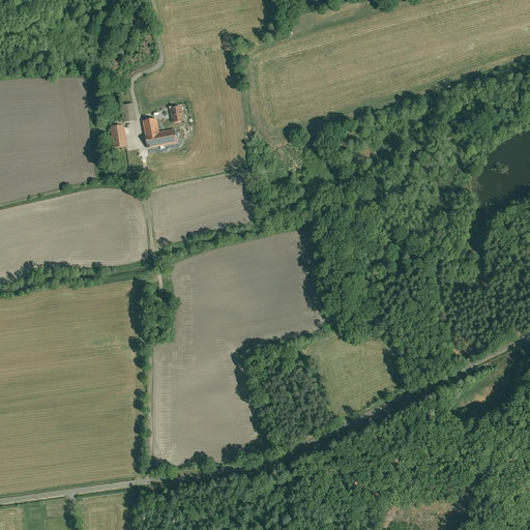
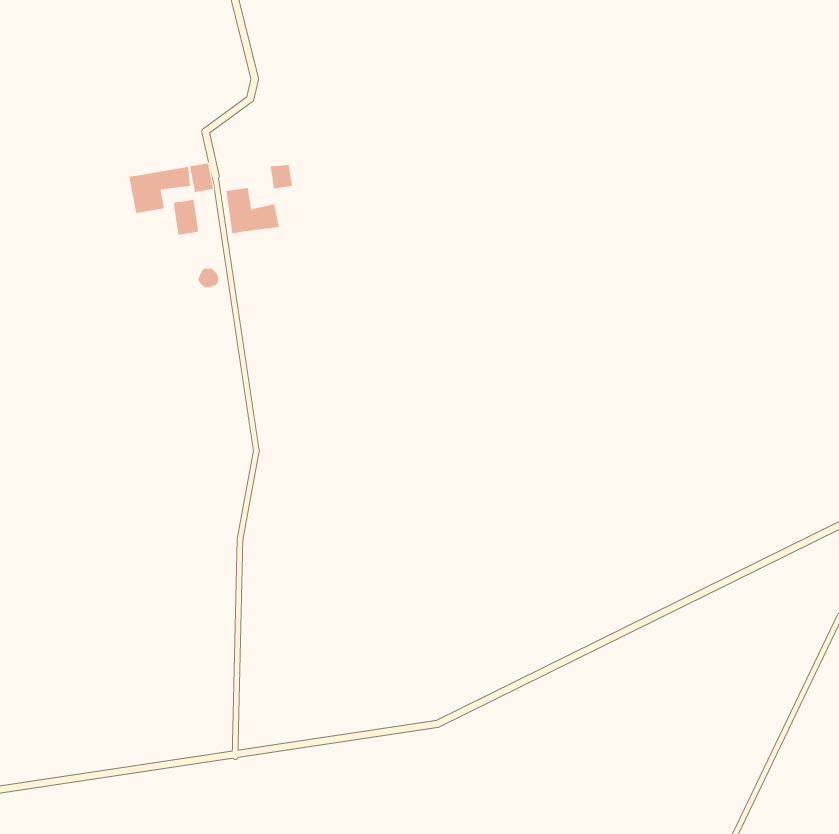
building: none -> [129,166,191,214]

